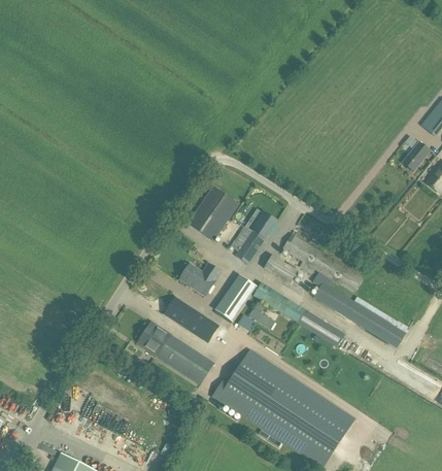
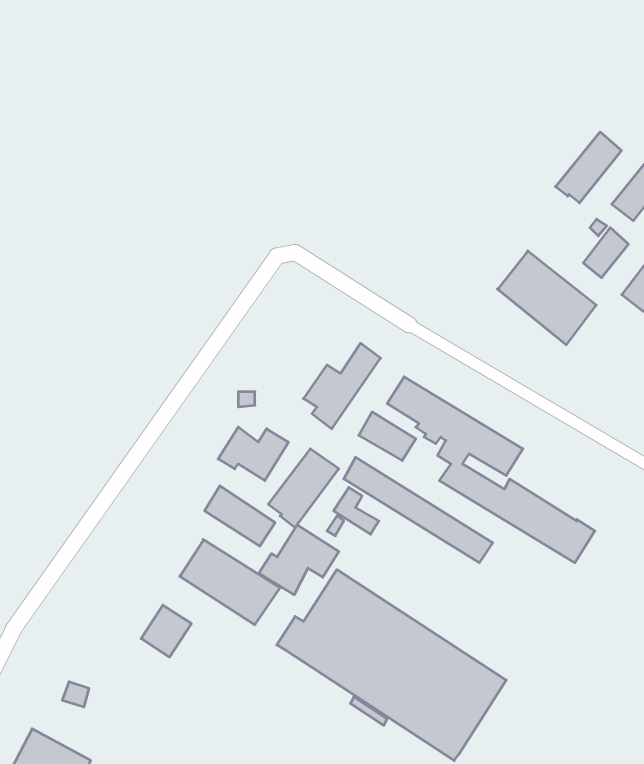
building: none -> [555,132,621,203]
building: none -> [497,251,596,345]
building: [186,186,238,240] -> none
building: [136,322,167,354] -> [141,605,191,657]
building: none -> [259,525,339,595]

